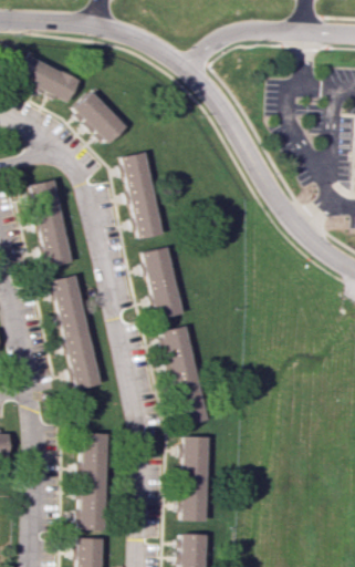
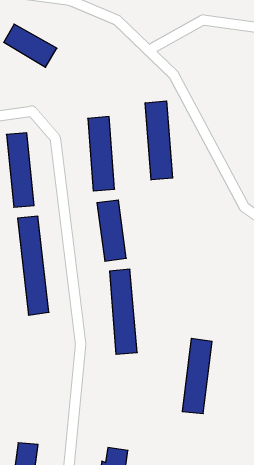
building: [73,91,126,143] -> none
building: none -> [145,101,172,180]
building: [81,433,108,530] -> none
building: [181,436,208,522] -> [182,338,212,414]

